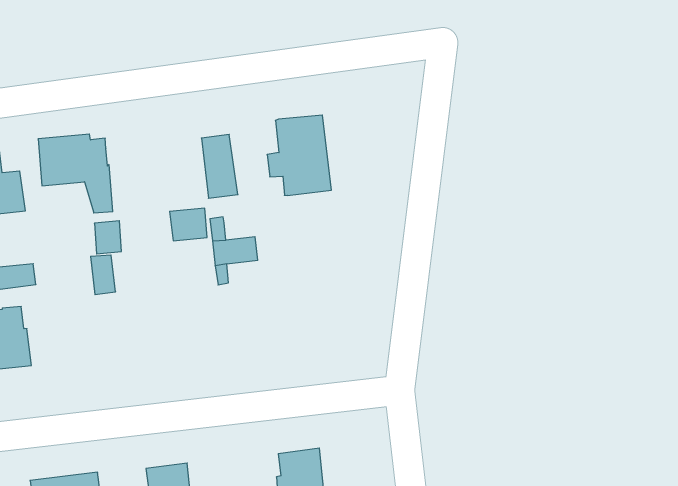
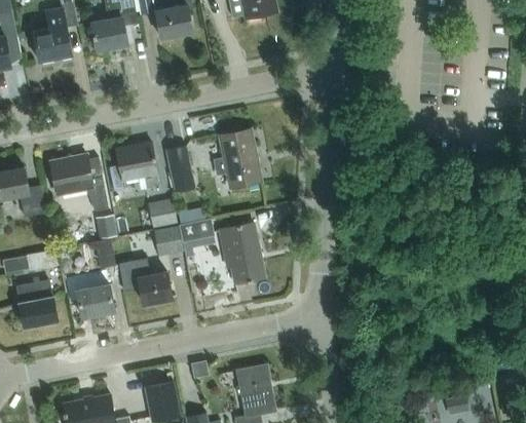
building: none -> [116,143,157,188]
building: none -> [154,227,183,256]
building: none -> [221,223,265,282]
building: none -> [119,259,172,305]
building: none -> [77,277,115,316]

